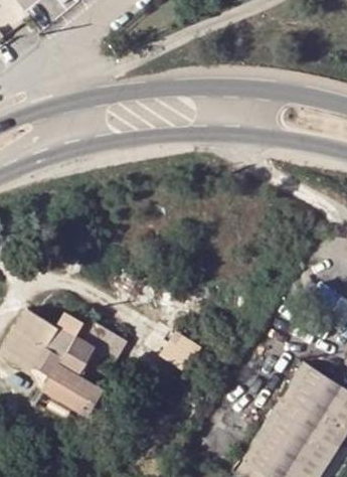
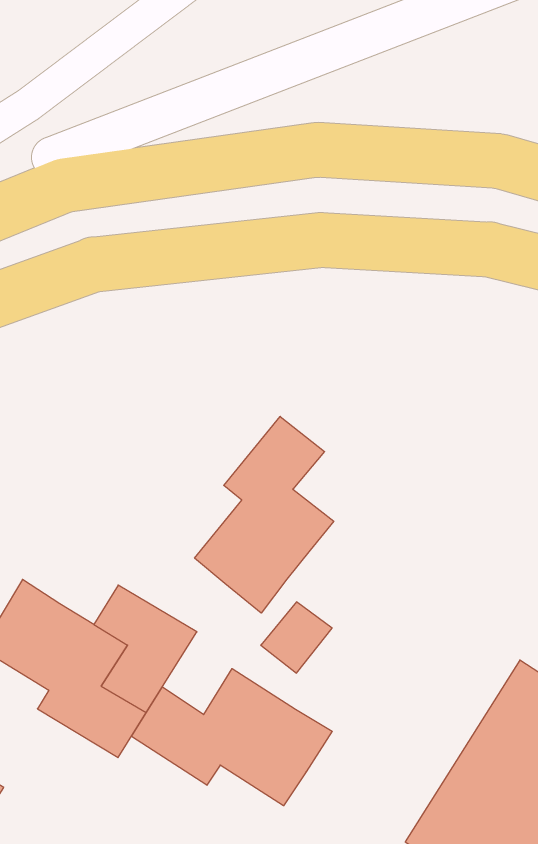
building: none -> [195,416,334,613]
building: none -> [131,669,332,806]

